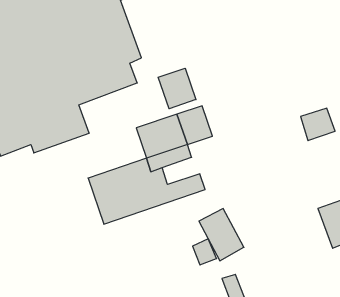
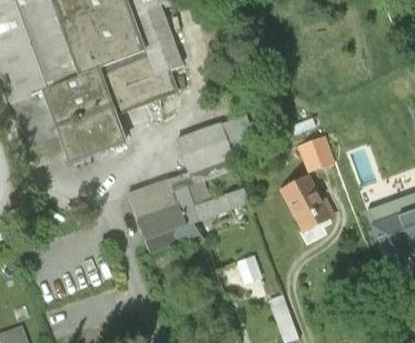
building: [158,68,196,109] -> none
building: [301,108,335,141] -> [297,137,334,171]
building: [199,209,244,261] -> [281,176,329,232]

